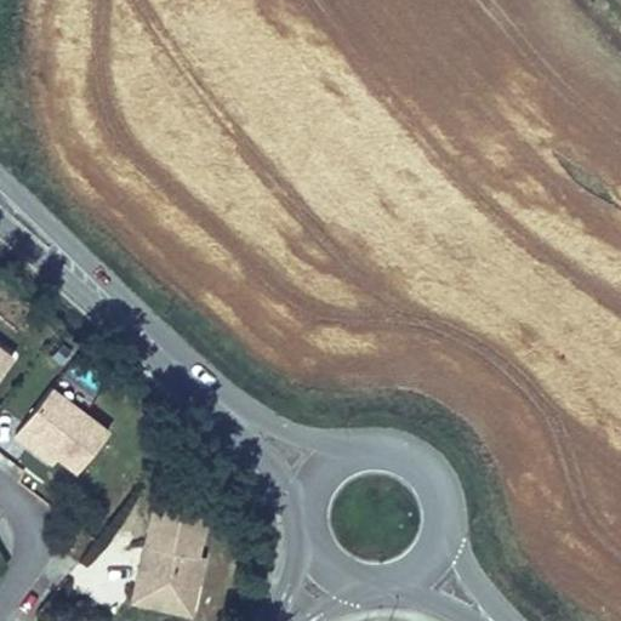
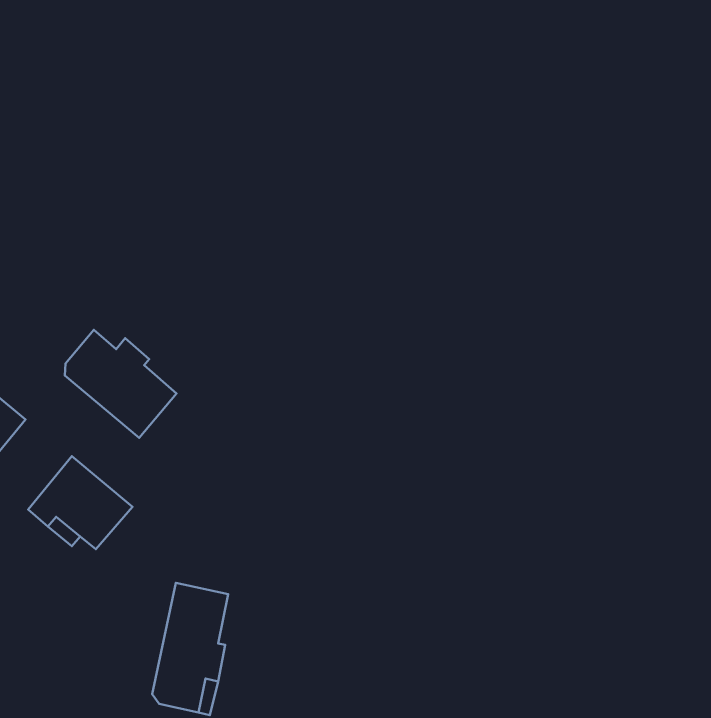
building: none -> [65,330,176,438]

